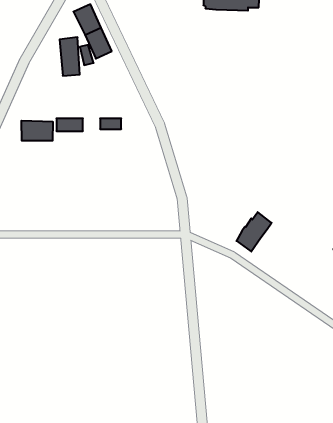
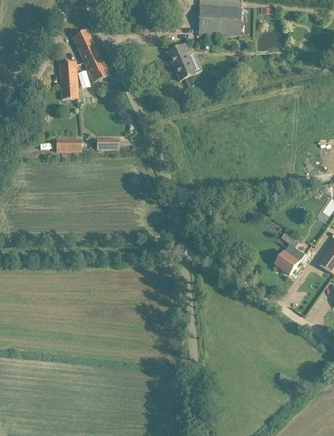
building: none -> [165,43,201,80]
building: [21,121,53,141] -> none
building: [236,212,272,252] -> [275,237,309,274]

